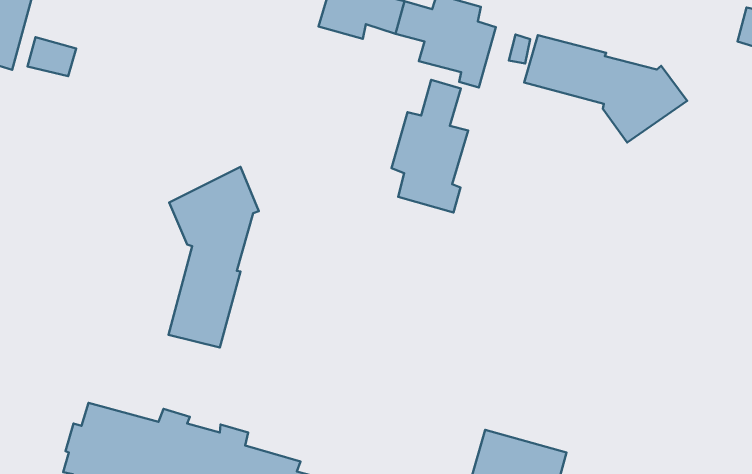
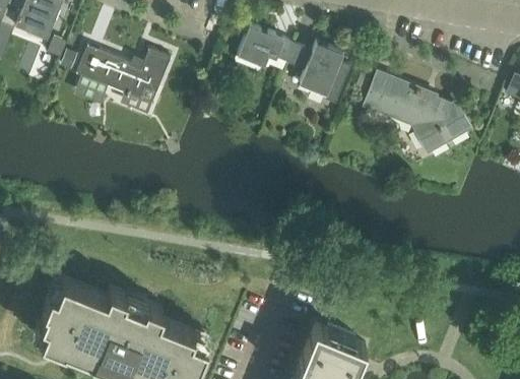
building: none -> [76,50,173,108]
building: [391,80,468,213] -> none
building: [168,167,259,347] -> none

